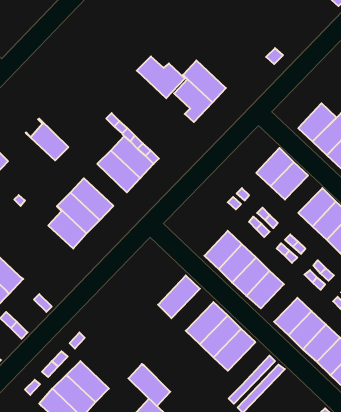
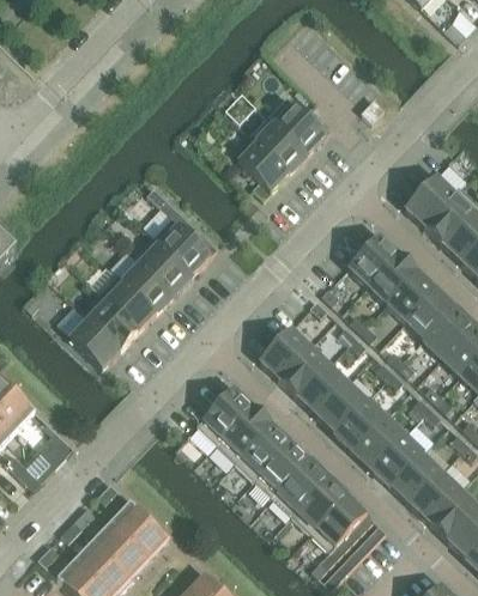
building: [137,56,185,98] -> [267,97,332,153]
building: [26,119,68,160] -> [116,255,174,311]
building: none -> [386,270,436,321]
building: none -> [259,327,309,378]
building: none -> [196,387,253,444]
building: none -> [353,416,403,467]
building: none -> [234,422,290,479]
building: none -> [309,494,365,552]
building: [128,364,170,406] -> [111,500,168,557]

